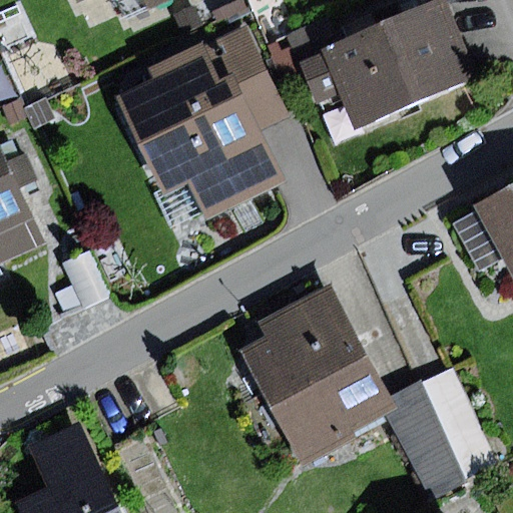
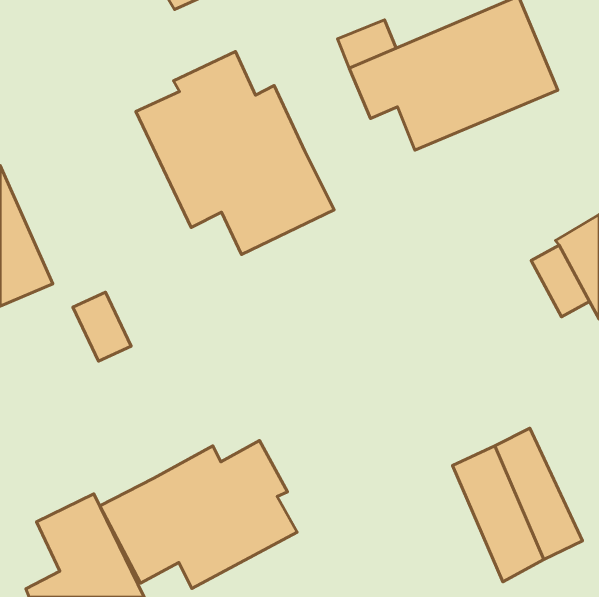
building: [201,22,291,129] -> none
building: [239,284,391,464] -> none
building: none -> [100,440,297,588]

